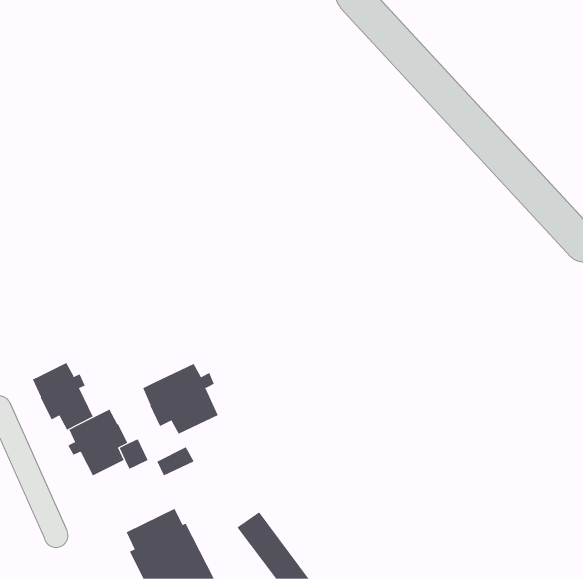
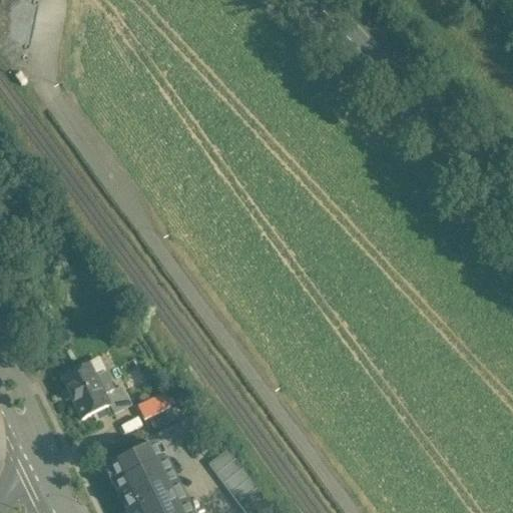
building: [32,362,93,430] -> none
building: [142,363,218,435] -> none

